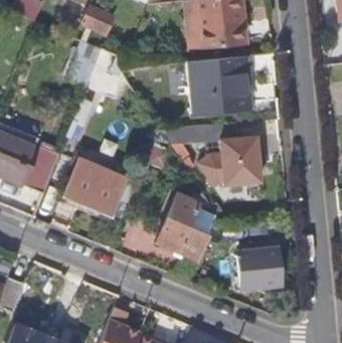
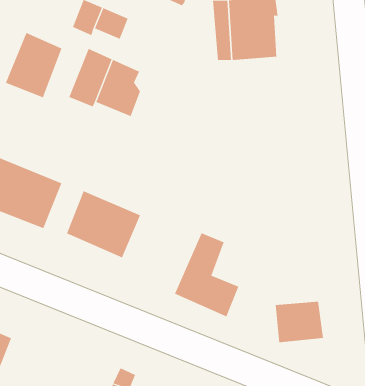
building: none -> [5,32,62,98]
building: [188,60,248,119] -> none
building: [164,126,263,189] -> none

